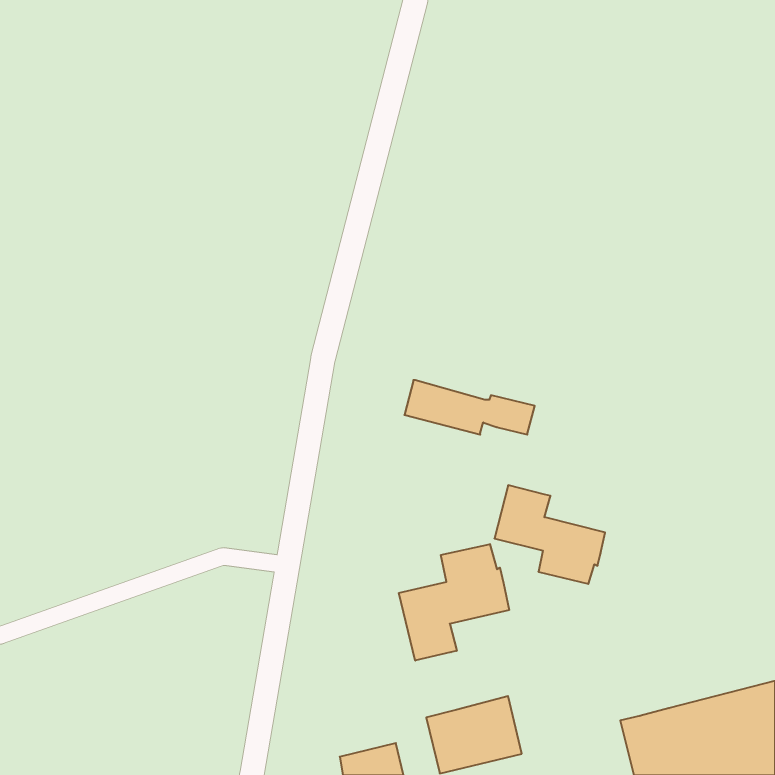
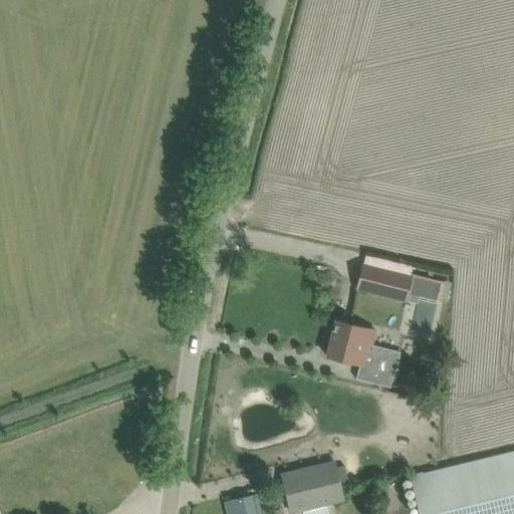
building: [404,380,535,435] -> [356,265,443,301]
building: [399,544,509,661] -> none

